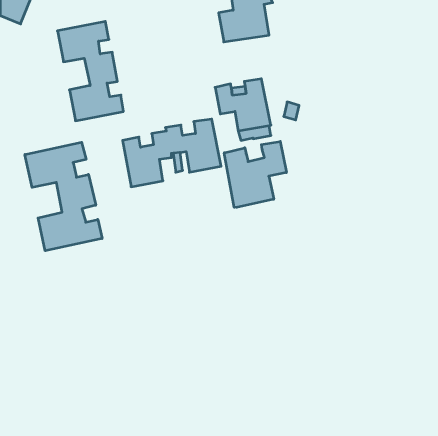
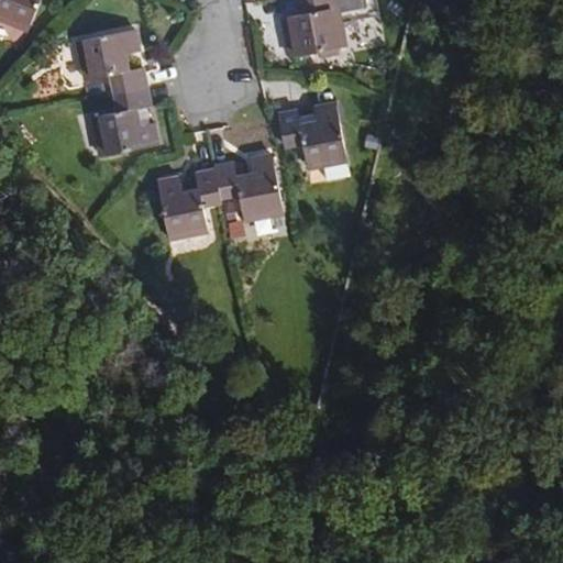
building: [224,141,286,207] -> none
building: [25,142,102,251] -> none

